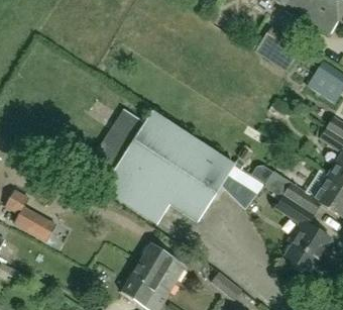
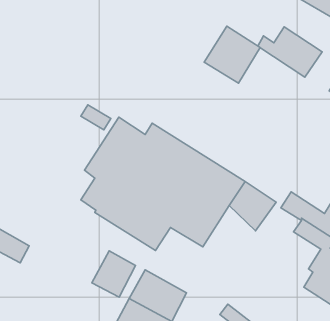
building: none -> [204,26,260,83]
building: none -> [92,251,136,297]

